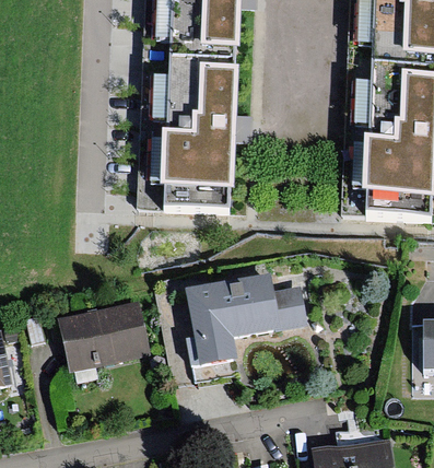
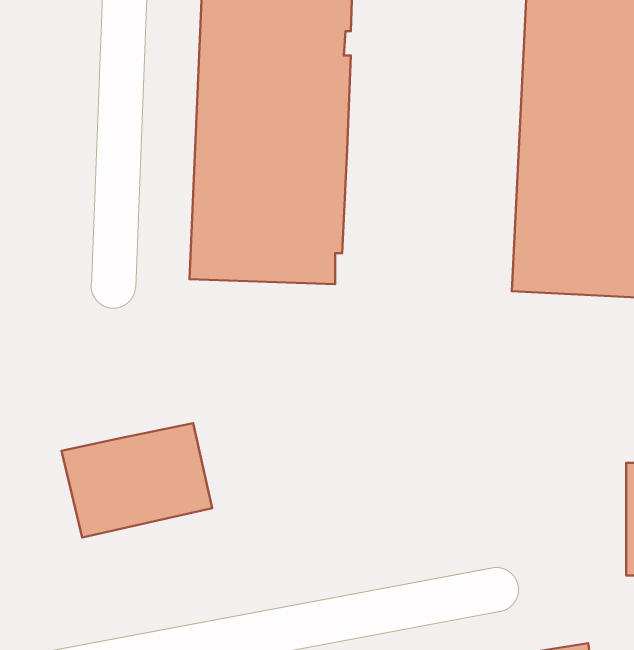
building: [186,274,310,379] -> none

